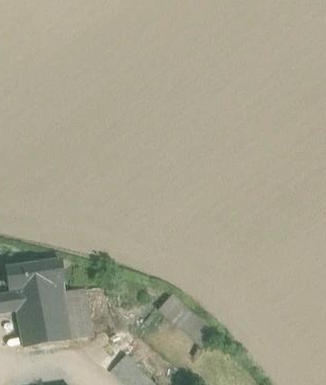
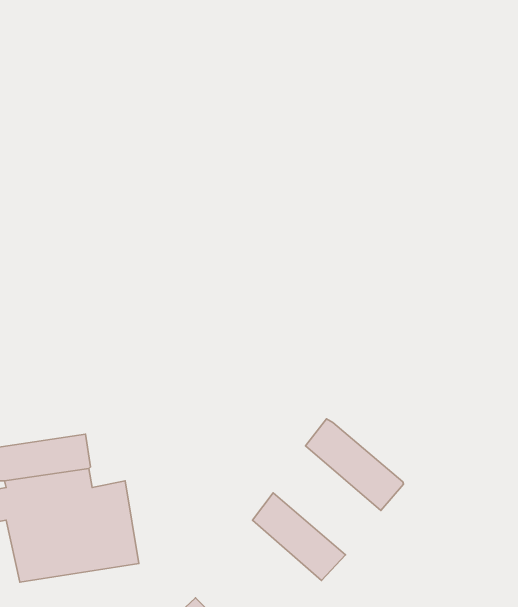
building: none -> [305,419,403,510]

